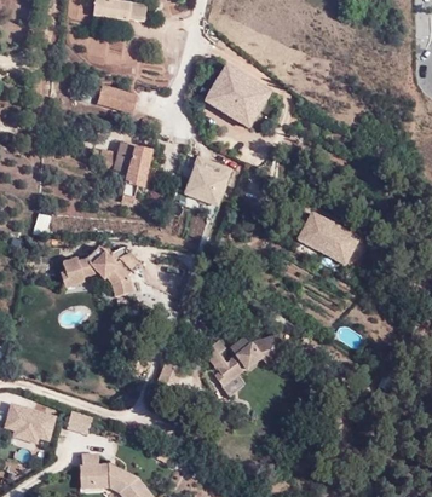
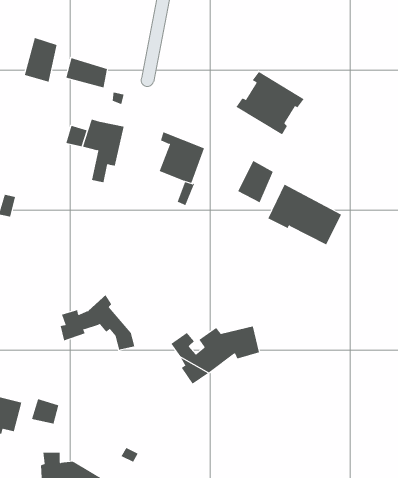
building: none -> [24,37,57,83]
building: [206,65,271,126] -> [235,71,304,135]
building: none -> [237,160,274,203]
building: [62,242,133,295] -> [60,294,135,350]

